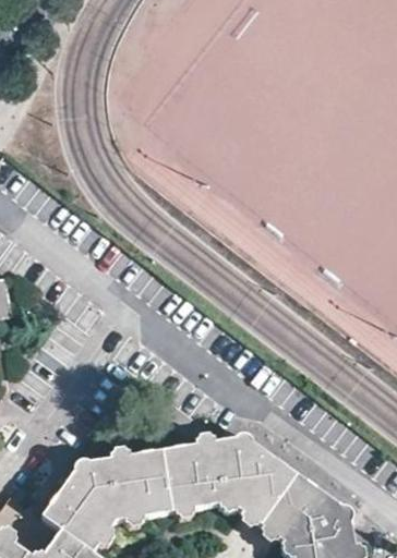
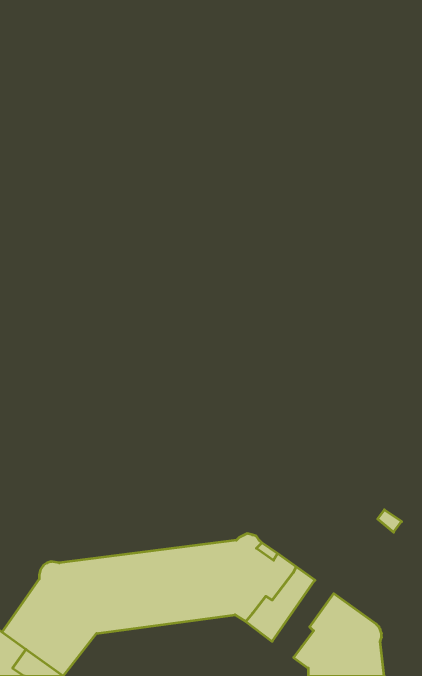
building: [262,475,312,538] -> none

